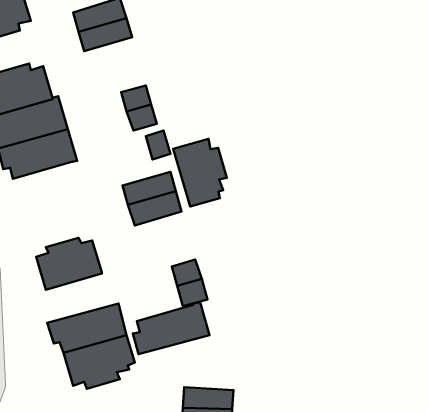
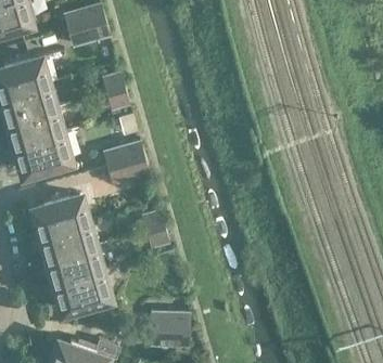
building: [173,139,227,206] -> none
building: none -> [15,133,68,174]
building: [133,302,210,354] -> [38,219,99,260]

